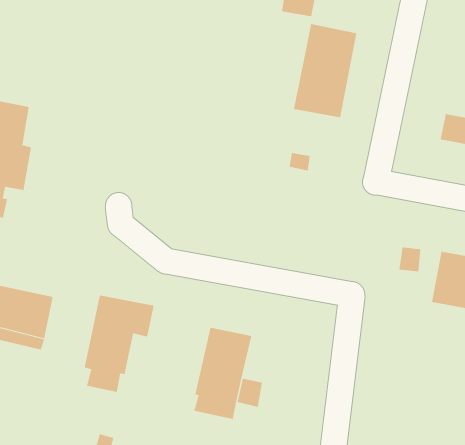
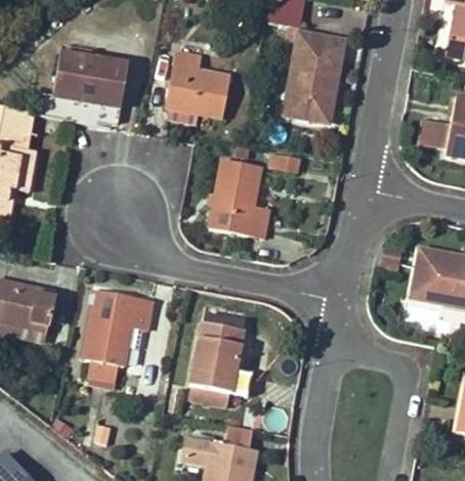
building: none -> [53,42,128,105]
building: none -> [165,48,228,123]
building: none -> [209,159,267,237]

